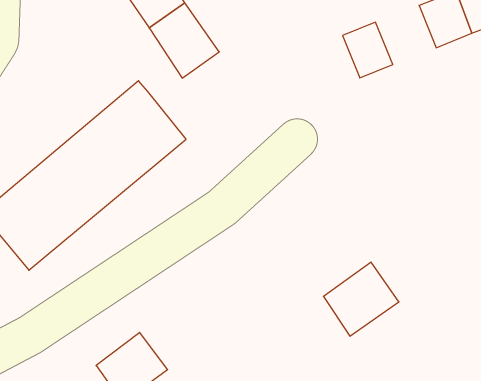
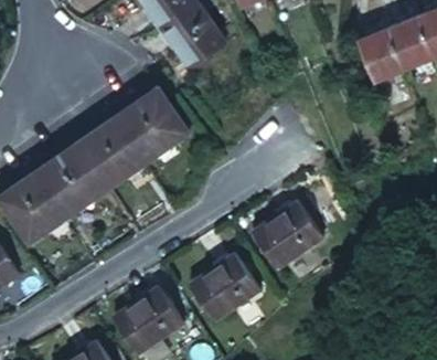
building: [343,22,393,78] -> [358,22,399,68]
building: [323,262,399,336] -> [244,211,307,273]
building: none -> [189,264,251,326]

